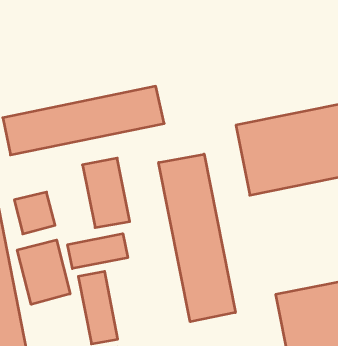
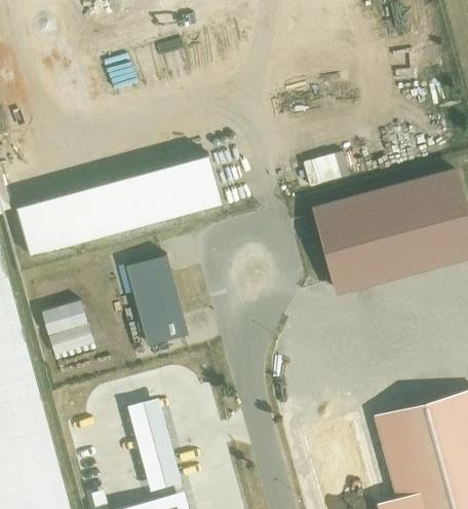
building: [159,154,235,322] -> none
building: [68,234,128,269] -> none
building: [17,240,70,304] -> none

